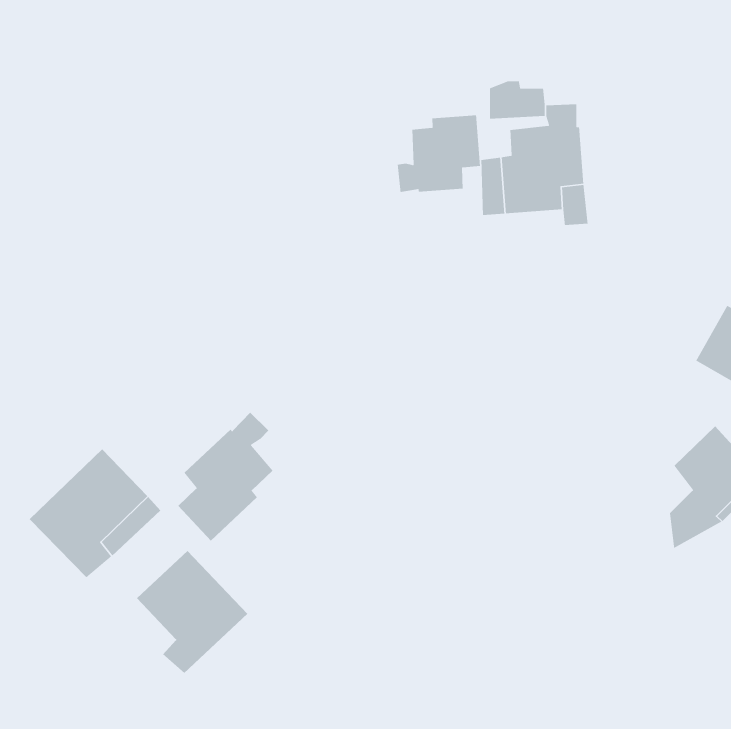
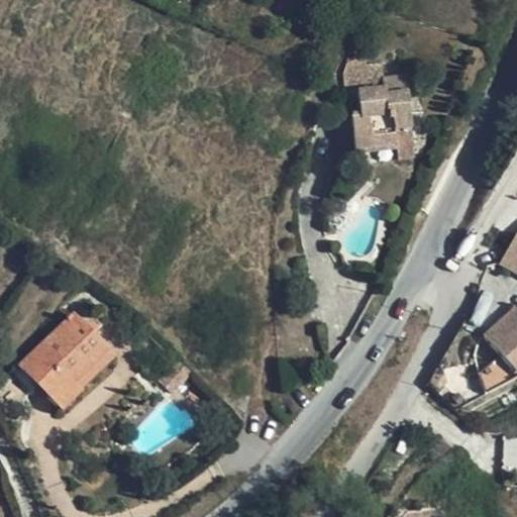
building: [397,114,481,193] -> none
building: [177,412,273,542] -> none
building: [136,550,248,674] -> none

